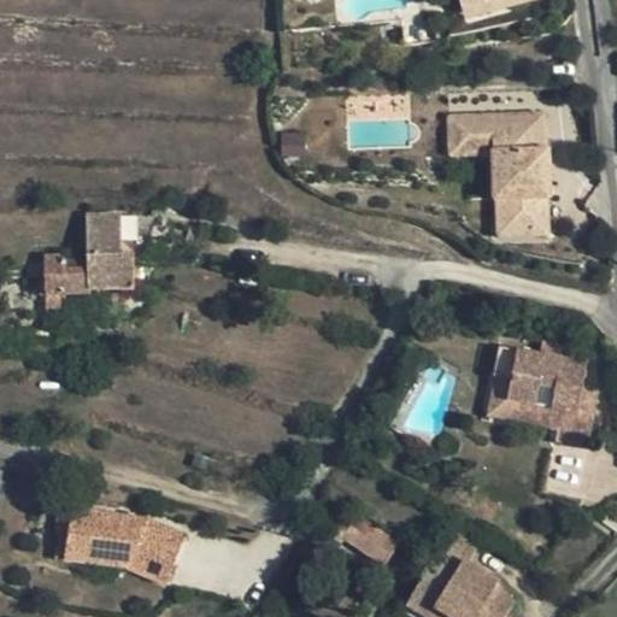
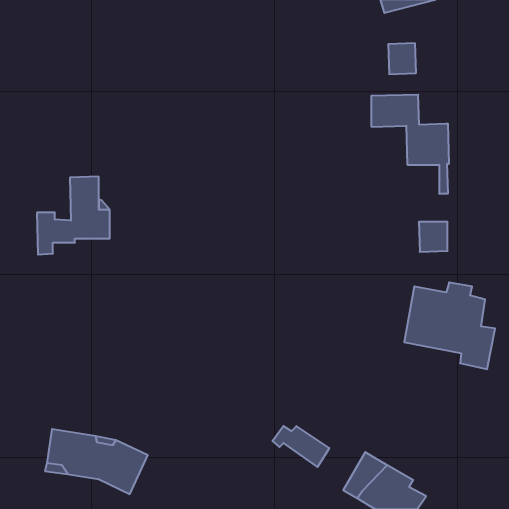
building: [506,113,540,151] -> [388,43,416,74]
building: [496,199,531,235] -> [419,222,448,252]

